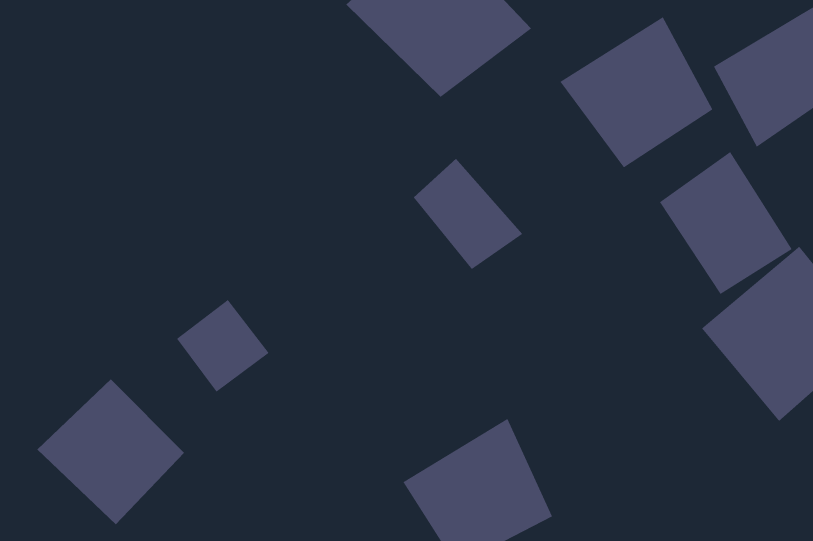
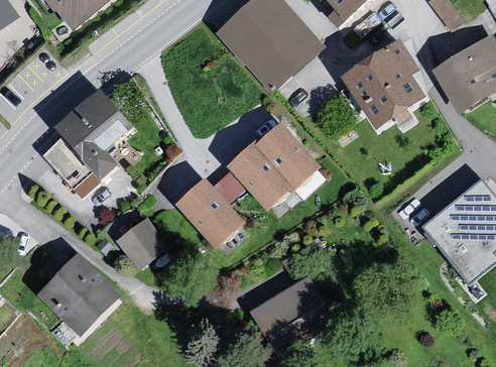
building: none -> [43,92,133,194]
building: [659,151,793,295] -> none
building: none -> [224,142,289,210]
building: none -> [173,177,244,253]

